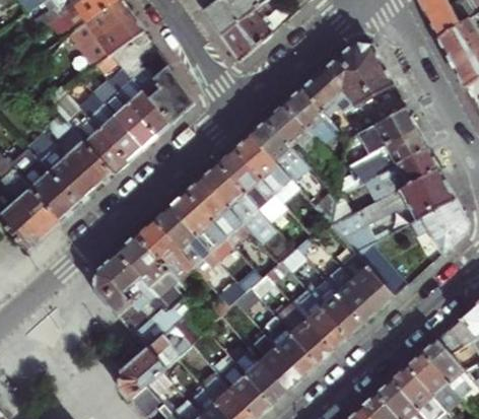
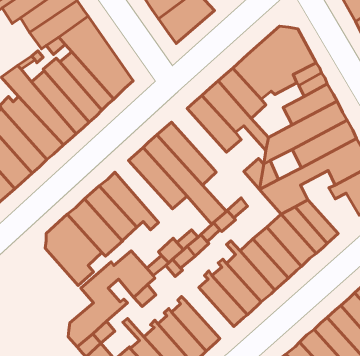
building: [233,134,295,200] -> none
building: [170,192,234,261] -> none
building: [249,330,302,390] -> none

